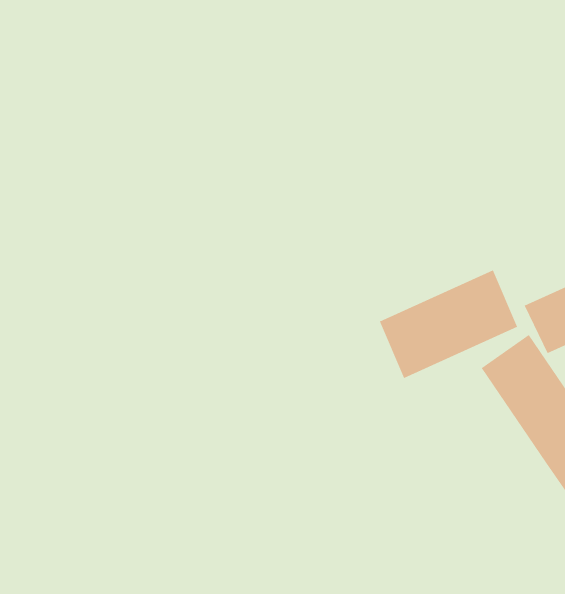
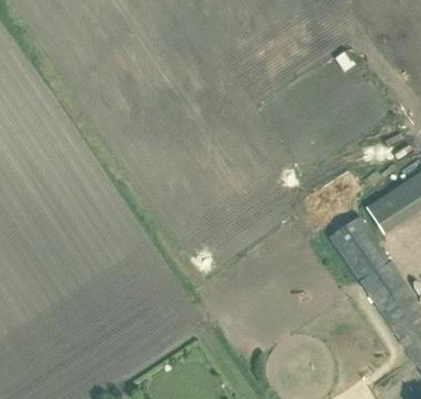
building: [379,269,518,379] -> none

